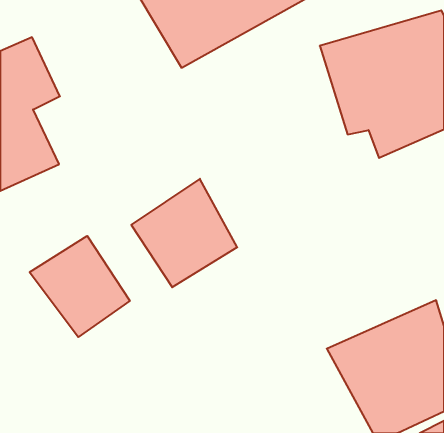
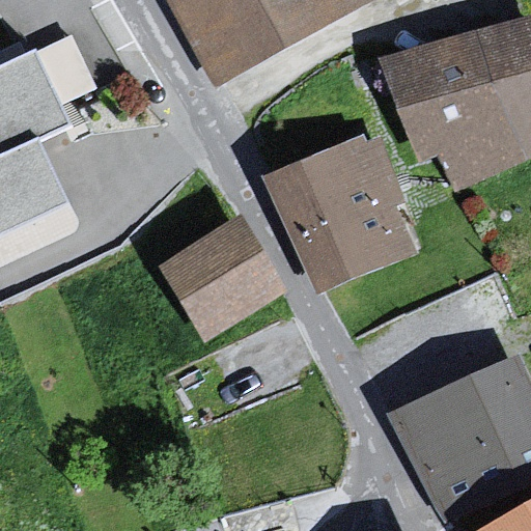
building: none -> [262,134,416,291]
building: [30,236,130,337] -> none

